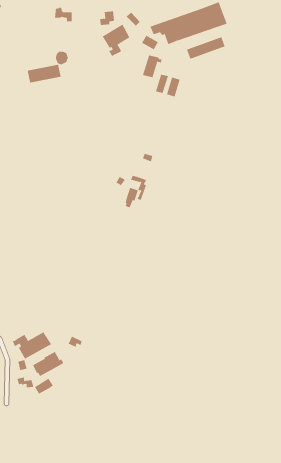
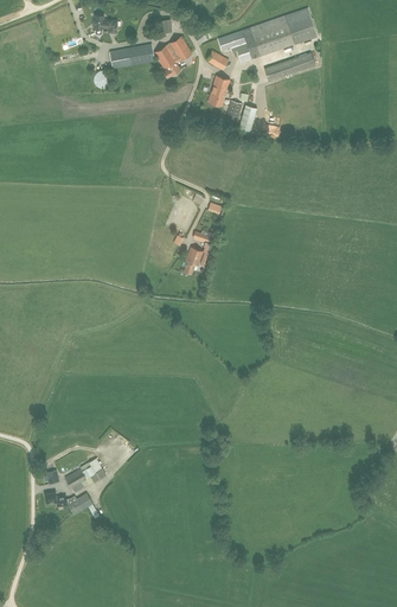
building: [27,64,62,83] -> [110,44,155,69]
building: [12,332,52,360] -> none

